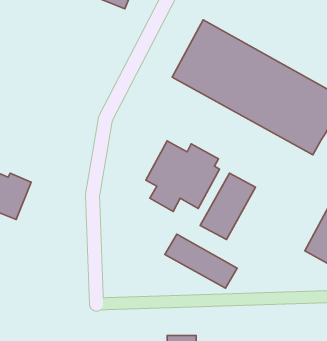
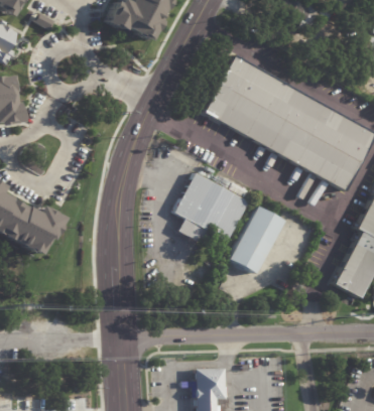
building: [165,234,237,288] -> none

